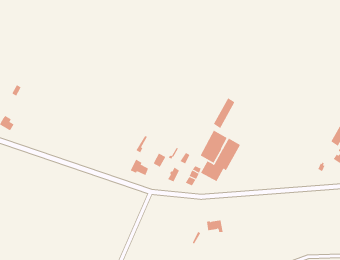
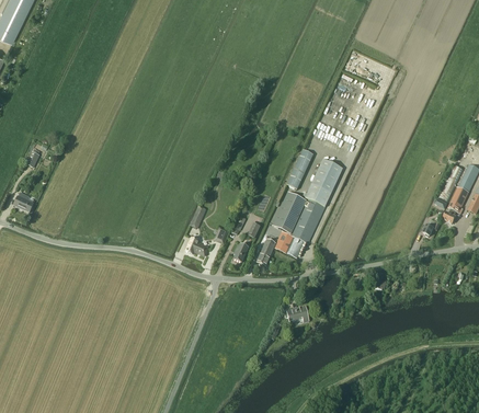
building: none -> [305,159,342,206]

